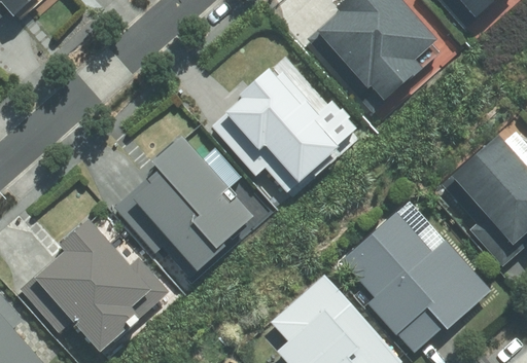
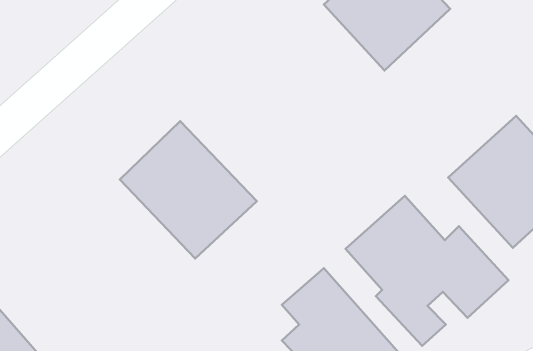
building: [225,68,339,184] -> none
building: [31,224,160,354] -> none

